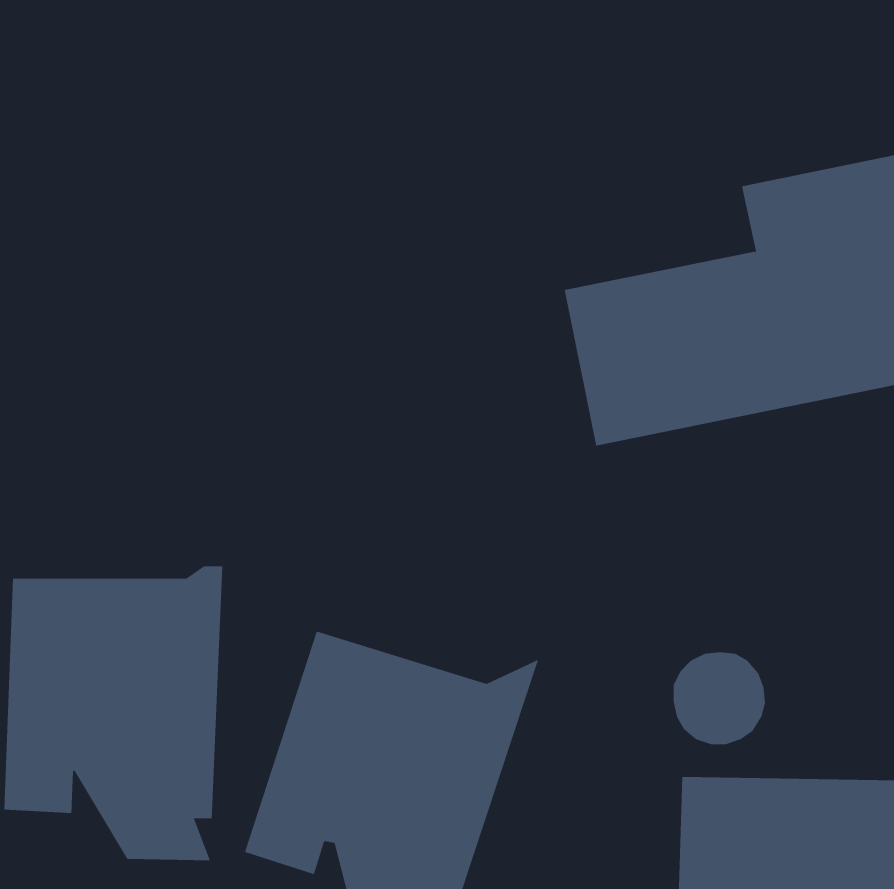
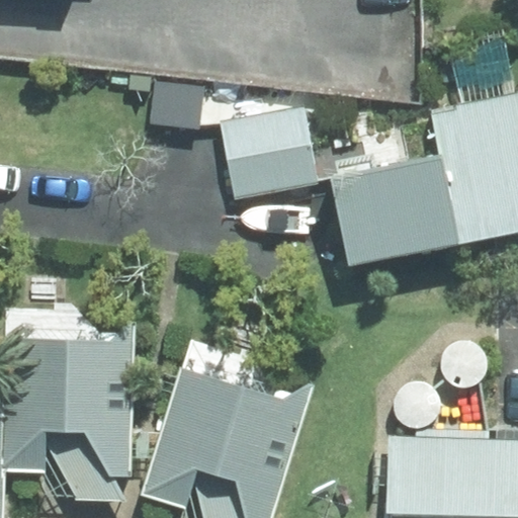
building: none -> [221,108,316,198]

